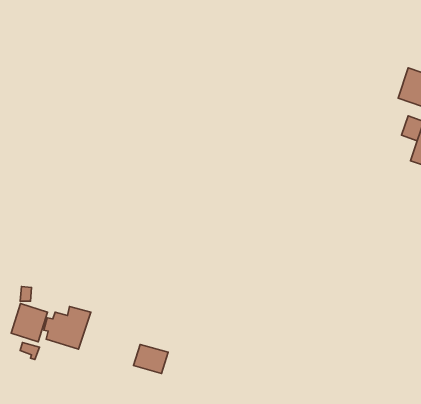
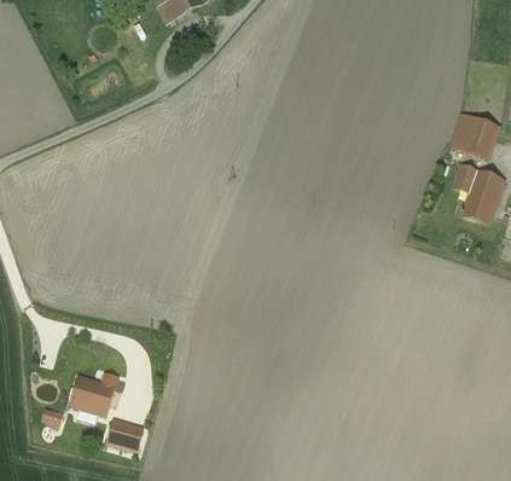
building: [11,303,48,342] -> none
building: [134,344,168,374] -> [106,419,144,451]

